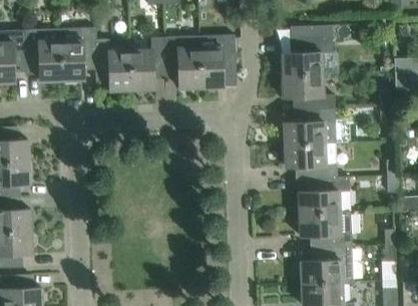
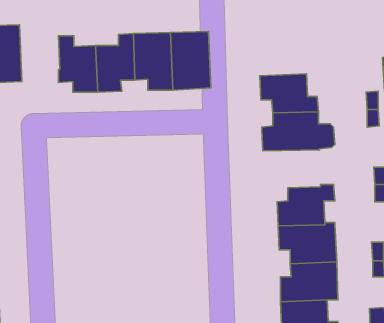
building: [281,25,333,75] -> none
building: [59,27,96,80] -> none
building: [284,143,337,180] -> none

